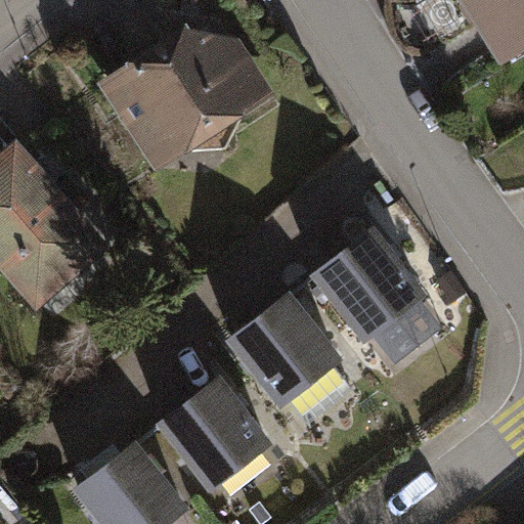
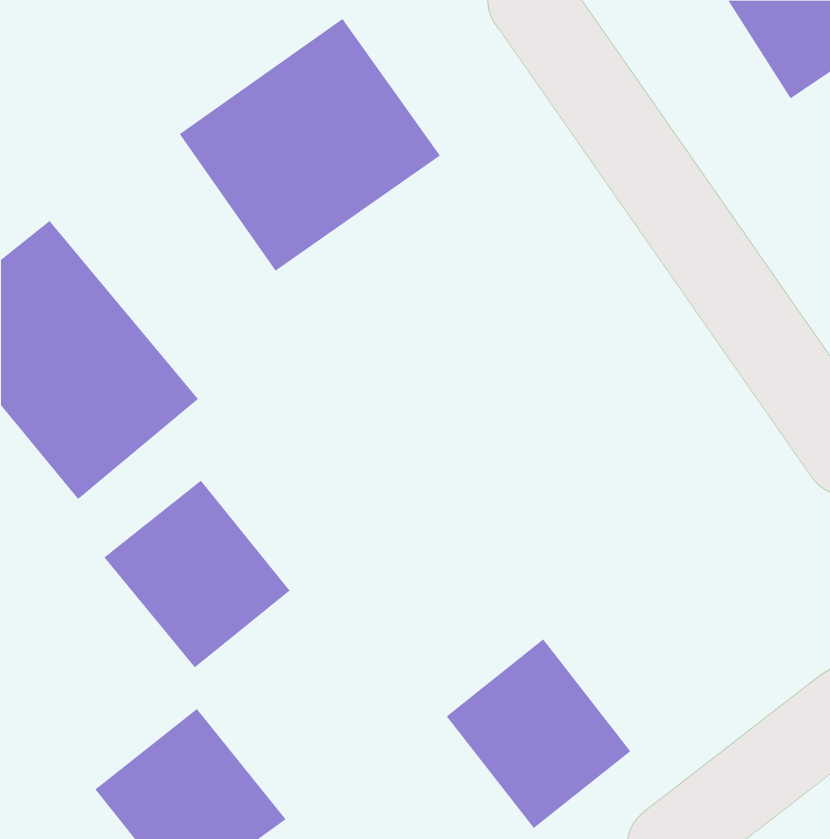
building: [309,228,423,344] -> none
building: [224,293,339,410] -> [446,639,631,829]
building: [155,378,270,494] -> [103,480,291,668]

